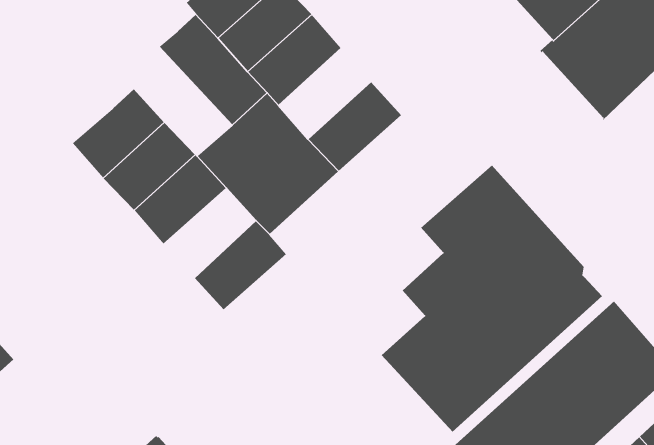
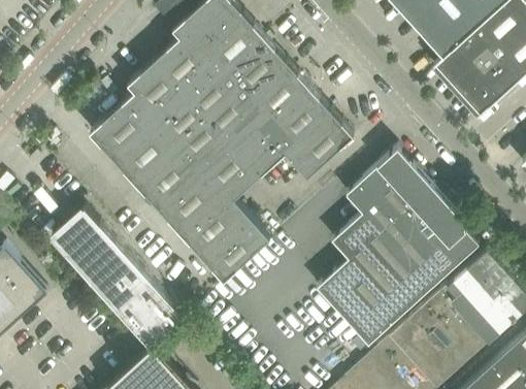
building: none -> [127,63,206,143]
building: none -> [240,64,308,131]
building: none -> [285,114,353,180]
building: none -> [156,167,224,233]
building: none -> [51,209,183,349]
building: none -> [200,216,269,283]

